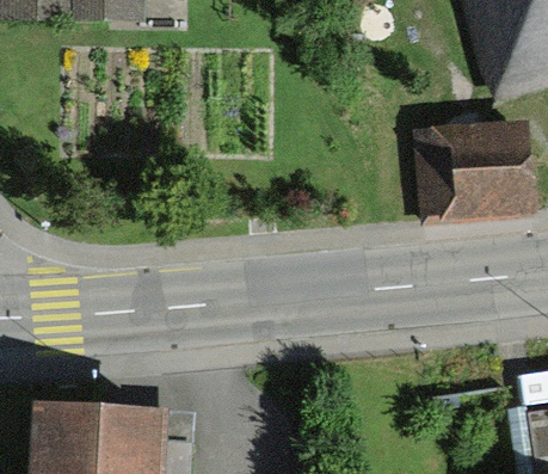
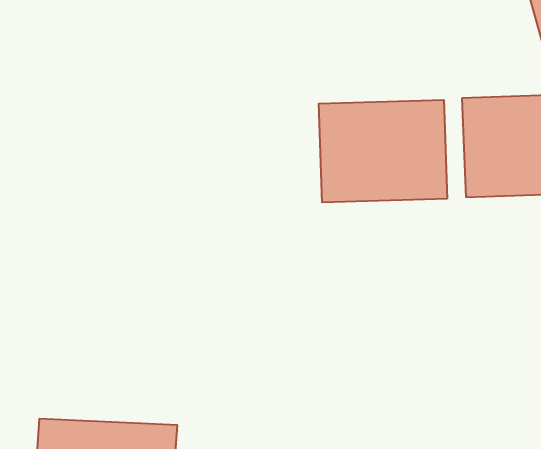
building: none -> [319,100,447,202]

